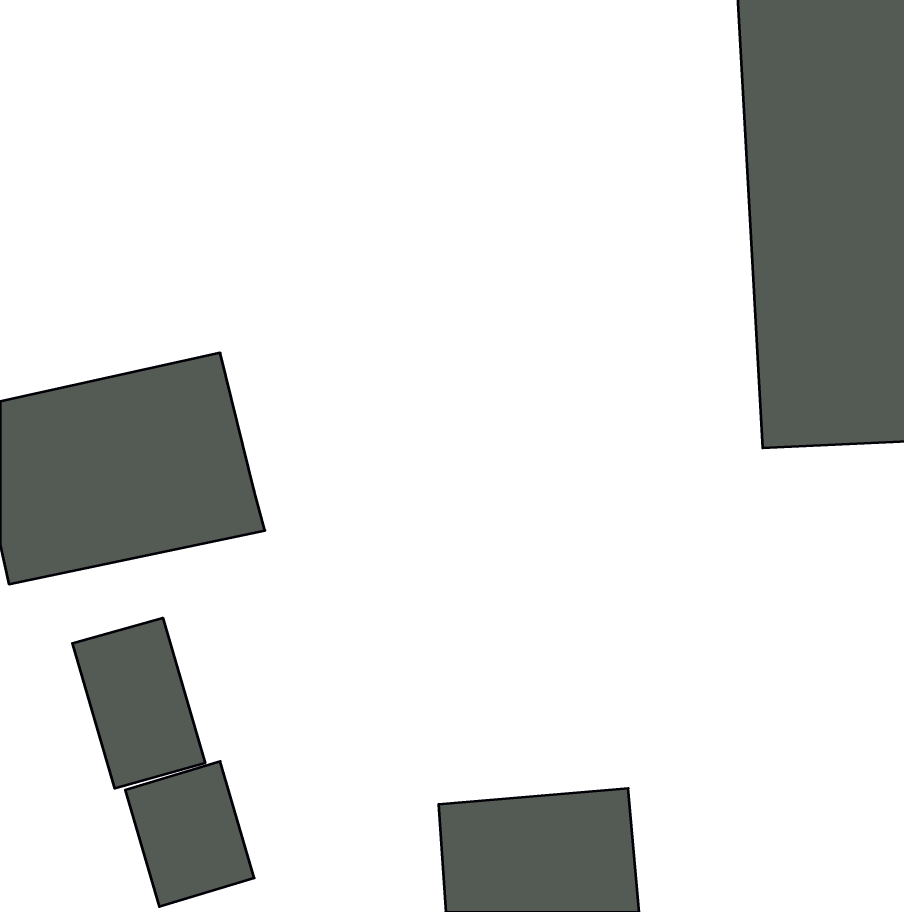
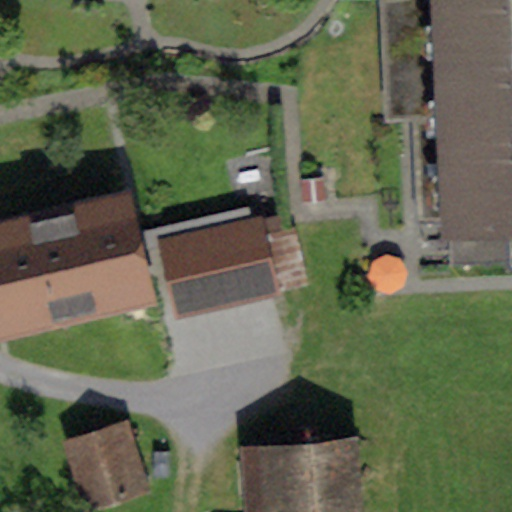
building: none -> [171,219,279,309]
building: [72,618,205,788] -> none

